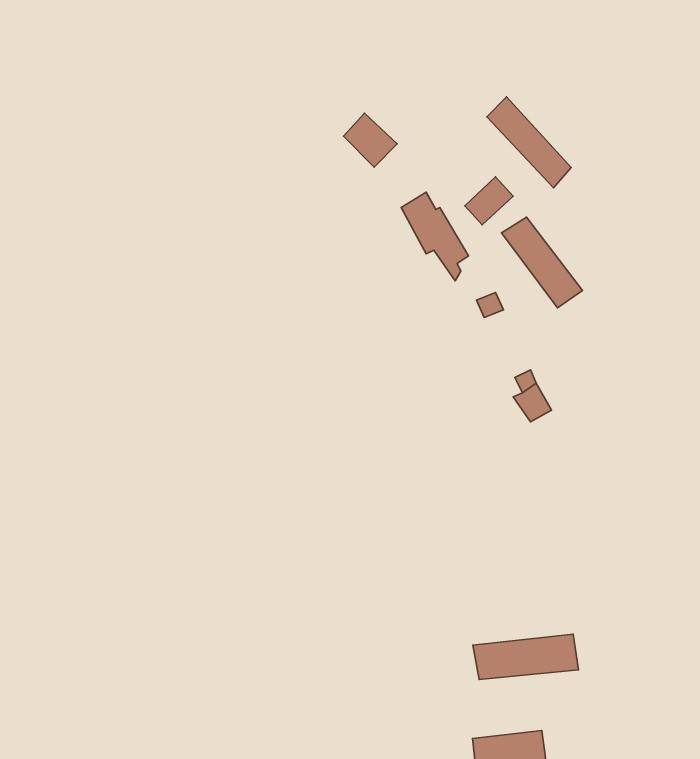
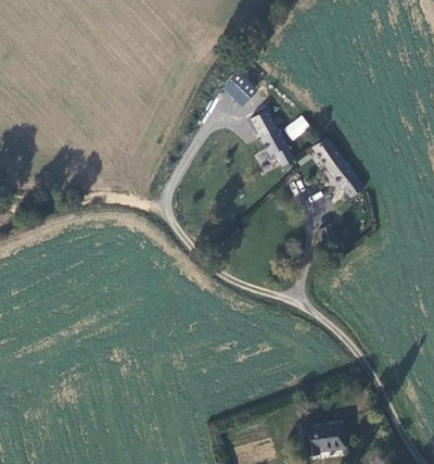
building: [487,97,571,188] -> none
building: [473,634,578,680] -> none

